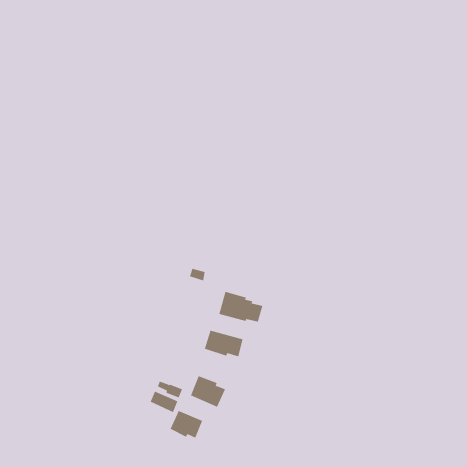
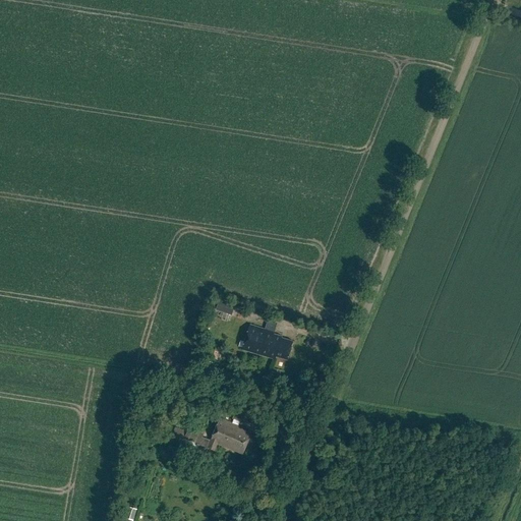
building: [204,330,243,357] -> none
building: [170,410,203,439] -> none

